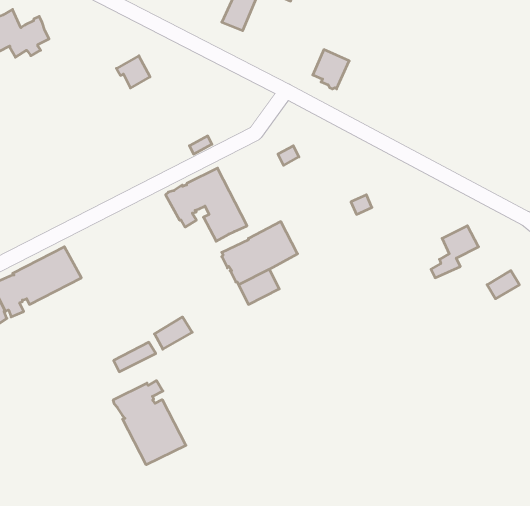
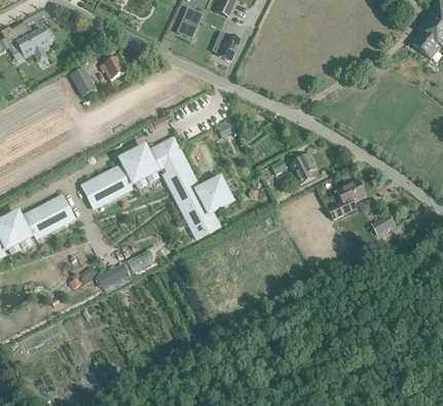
building: [313,50,349,89] -> [213,31,239,60]
building: none -> [70,66,96,96]
building: none -> [290,153,317,183]
building: none -> [82,157,147,208]
building: [113,381,186,465] -> none

